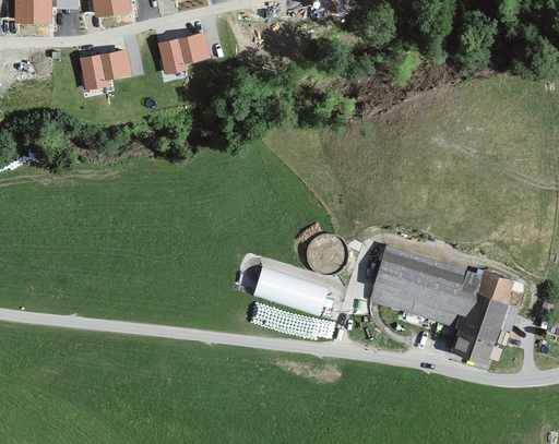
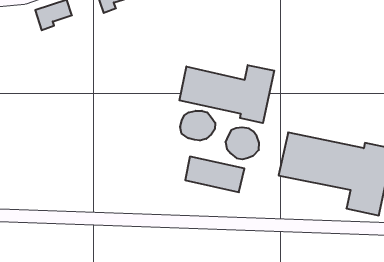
building: none -> [179,65,274,123]
building: none -> [180,111,215,141]

